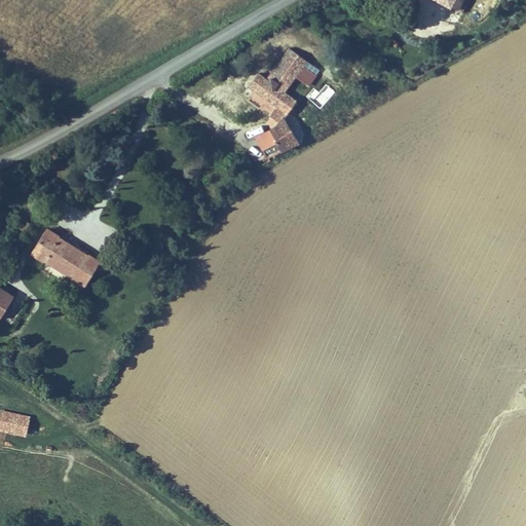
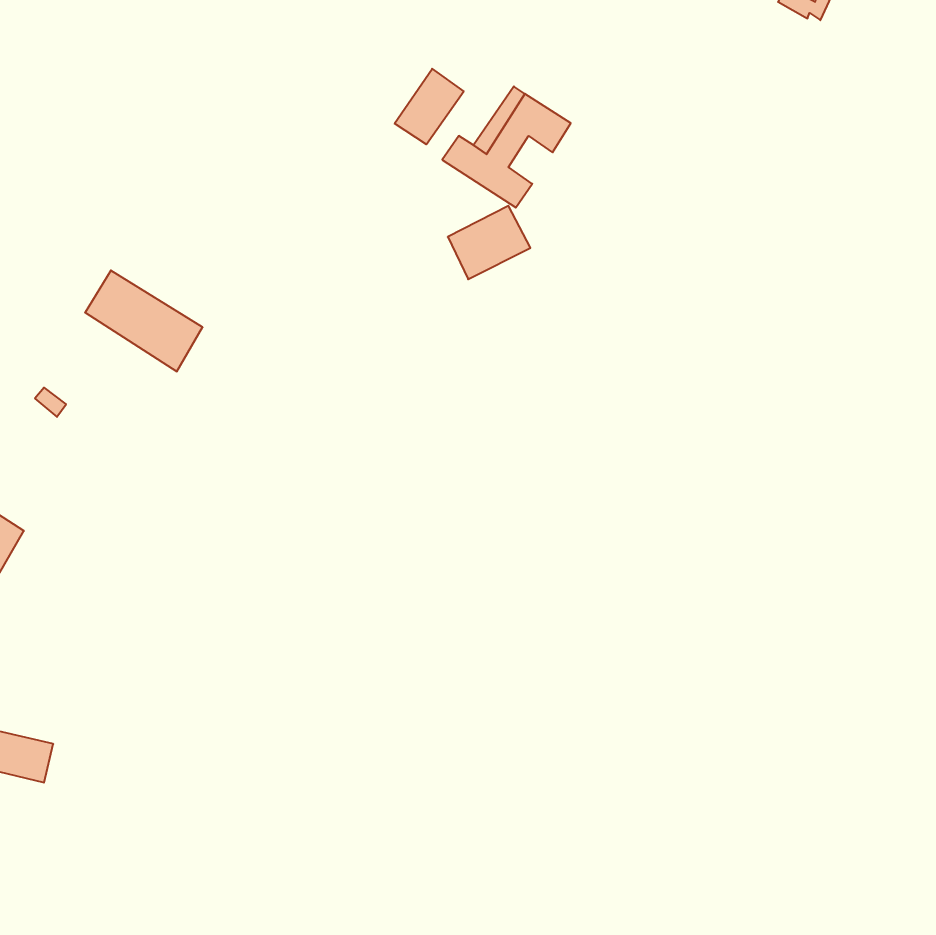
building: none -> [395,69,464,144]
building: [32,230,98,287] -> [85,270,203,371]

